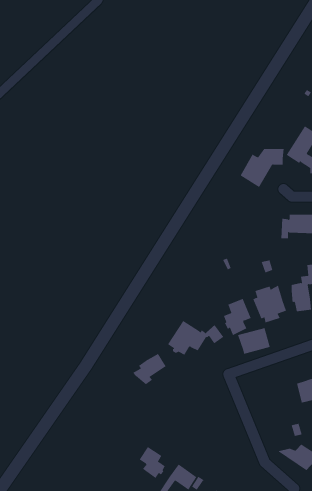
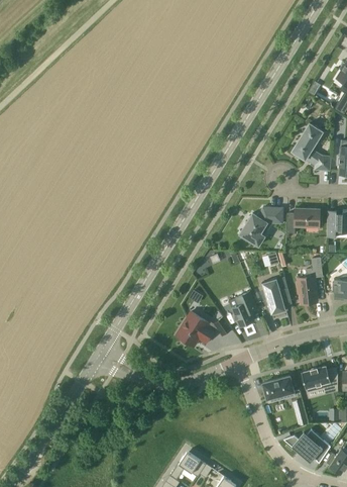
building: [240,148,284,188] -> [240,207,283,246]
building: [237,327,271,354] -> [262,376,295,402]
building: [132,353,166,385] -> none
building: [139,446,166,479] -> none

